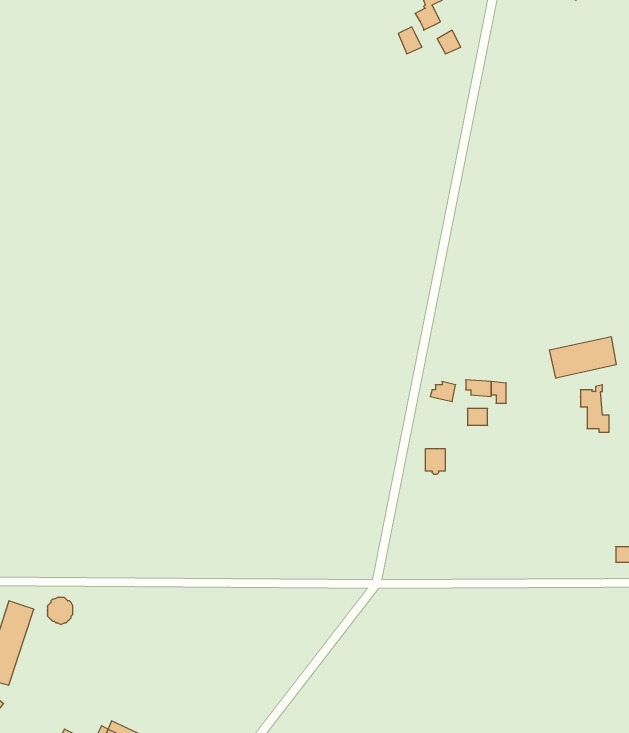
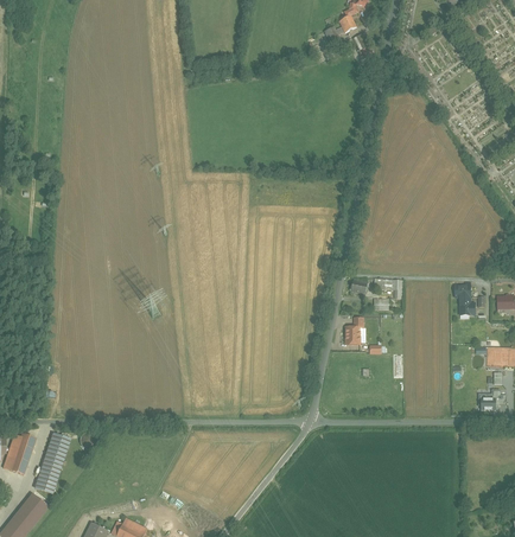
building: [550,337,616,378] -> none

